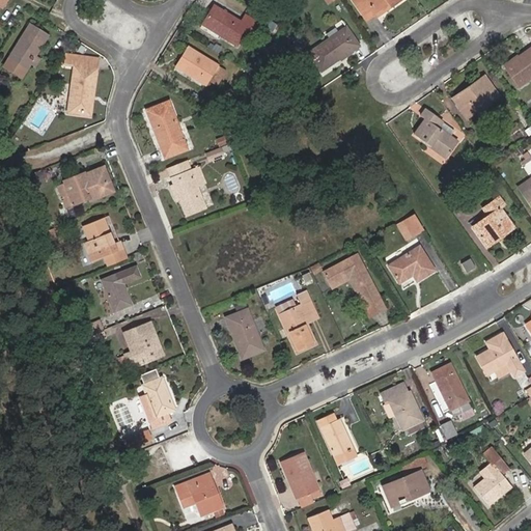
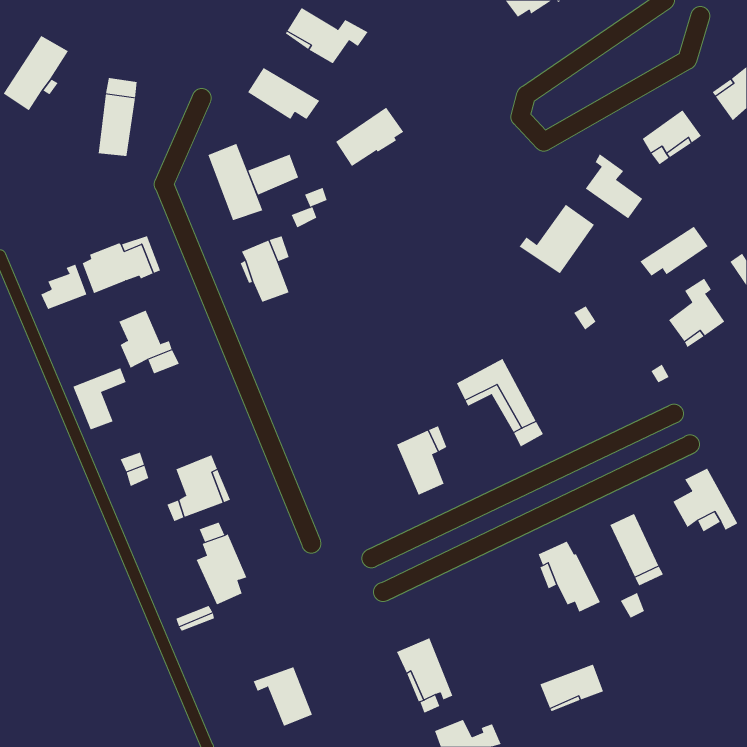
building: [310,27,359,69] -> [335,107,404,167]
building: none -> [247,154,299,195]
building: none -> [519,204,595,274]
building: none -> [639,226,709,277]
building: none -> [41,264,87,310]
building: [389,247,434,282] -> none
building: [103,267,141,311] -> [73,367,127,430]
building: [226,310,262,358] -> none
building: [319,414,356,465] -> none
building: [474,447,511,505] -> none

